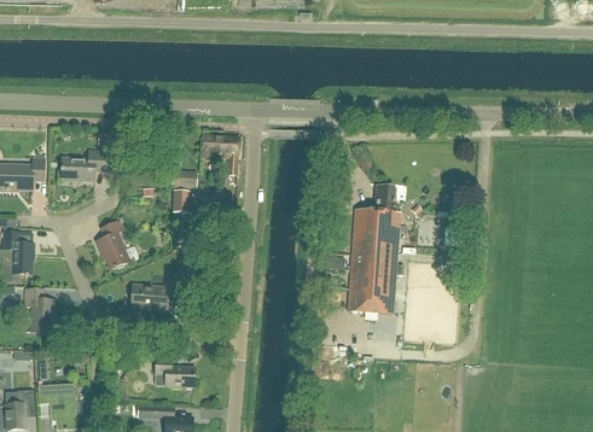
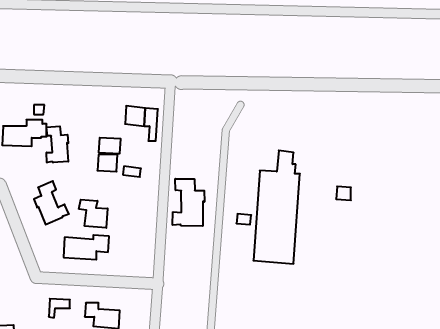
building: none -> [47,126,68,163]
building: none -> [173,179,204,226]
building: none -> [79,200,108,228]

